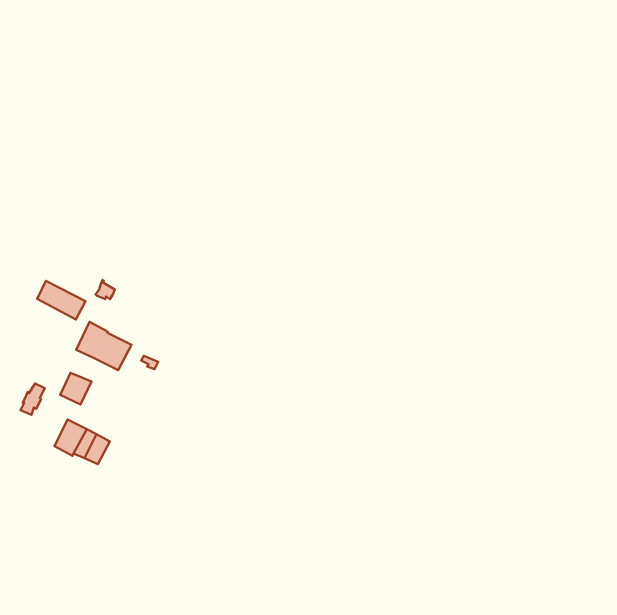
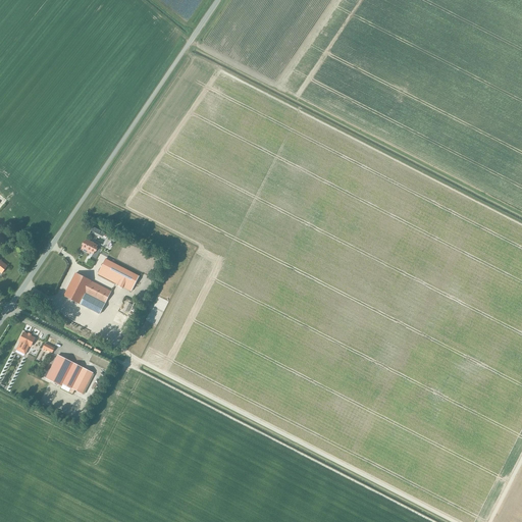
building: [37,281,86,319] -> [98,258,139,291]
building: [60,373,92,405] -> none

